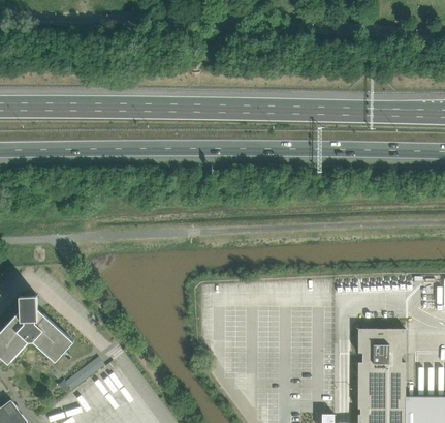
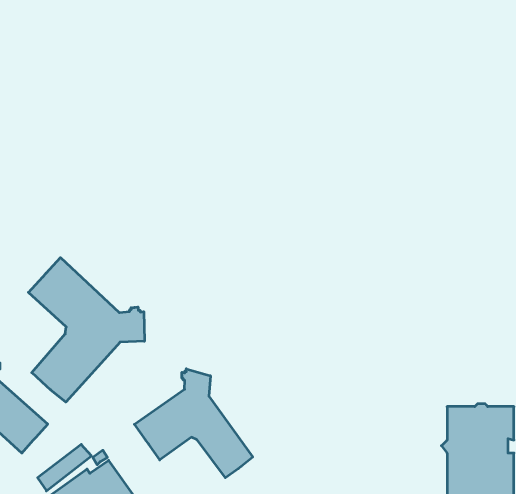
building: none -> [28,258,144,402]
building: none -> [134,369,253,478]

